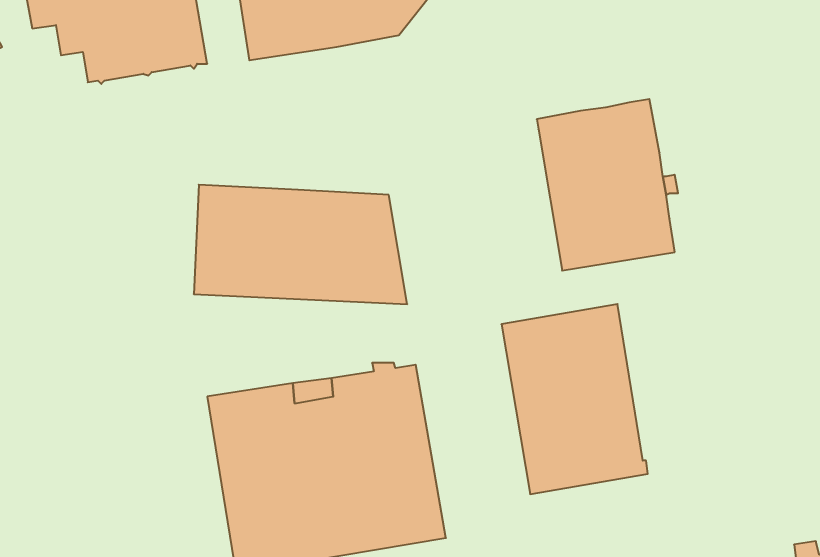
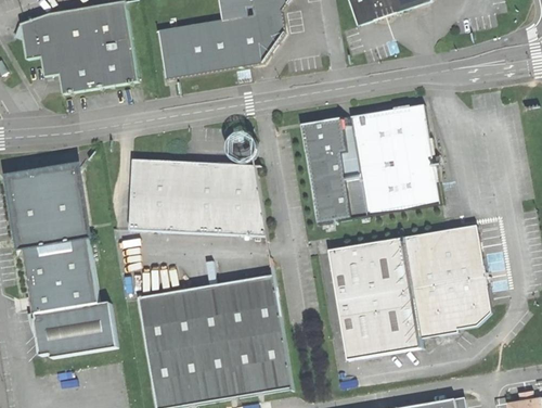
building: none -> [300,114,366,222]
building: none -> [11,167,116,356]
building: none -> [402,224,489,336]

